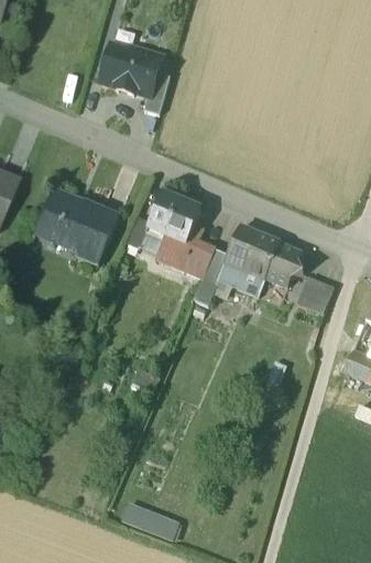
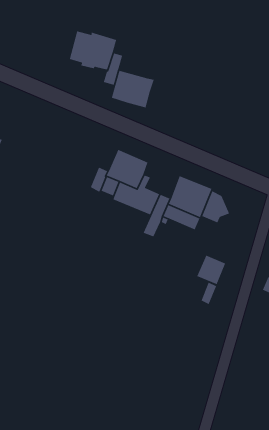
building: none -> [111,70,155,108]
building: [37,188,120,263] -> none
building: [297,275,335,314] -> [196,254,226,285]
building: [122,502,178,539] -> none

